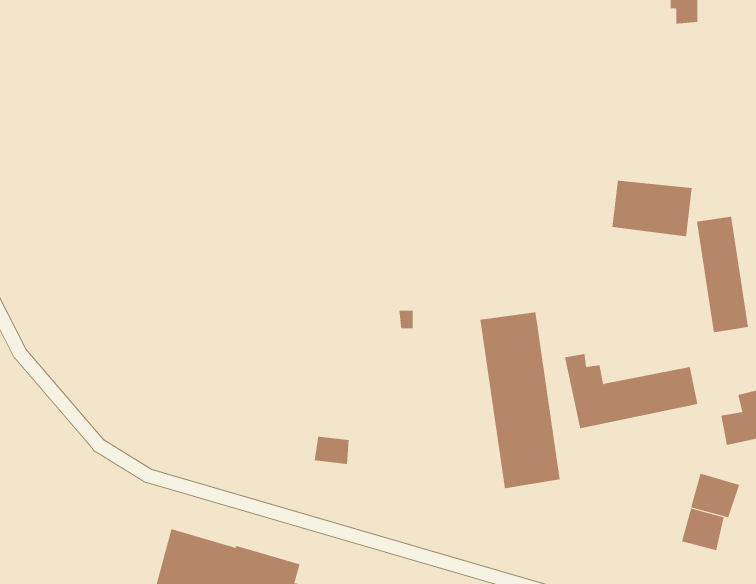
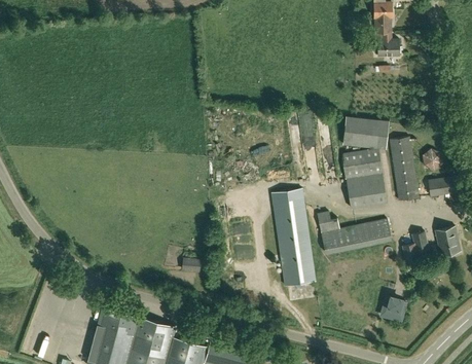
building: none -> [375,31,399,56]
building: none -> [341,148,386,209]
building: [690,473,740,518] -> none

